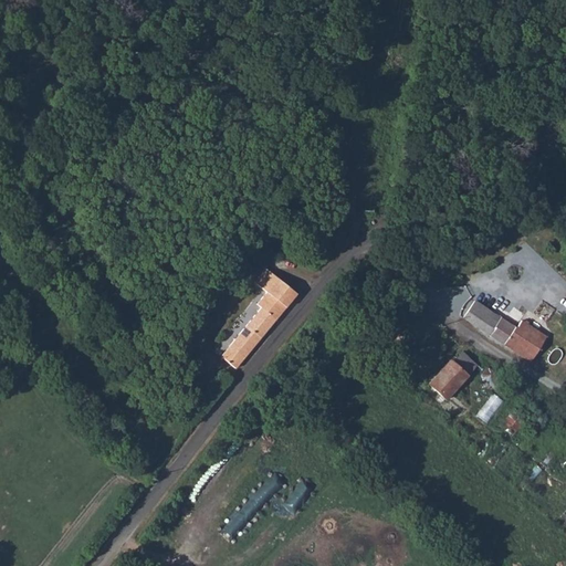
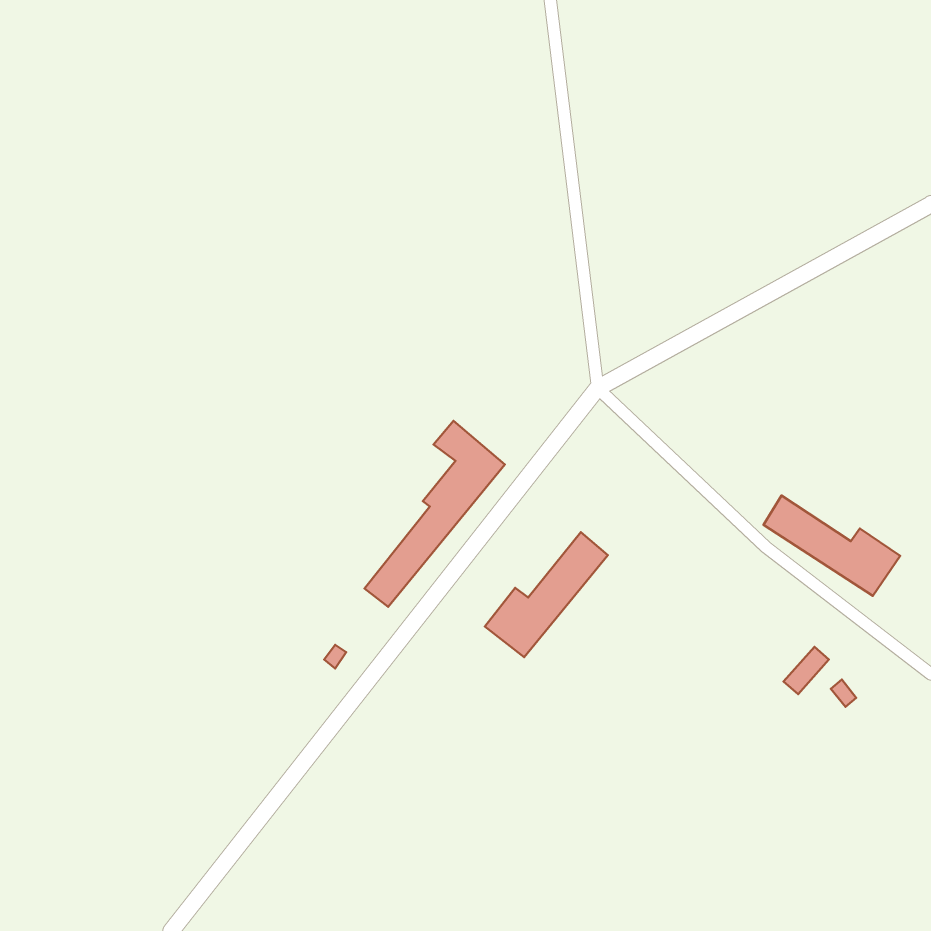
building: none -> [485,532,608,657]
building: [428,360,468,400] -> none

